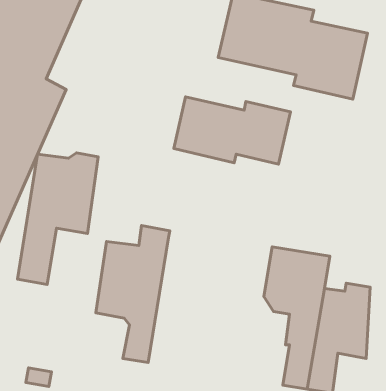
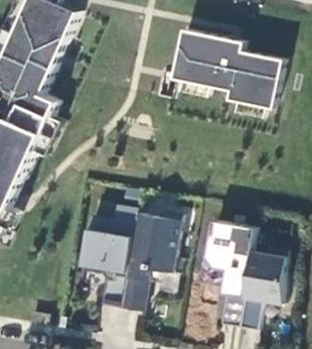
building: [174,97,291,164] -> none
building: [17,153,98,284] -> [121,212,181,311]

